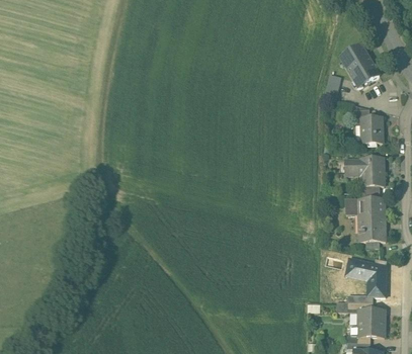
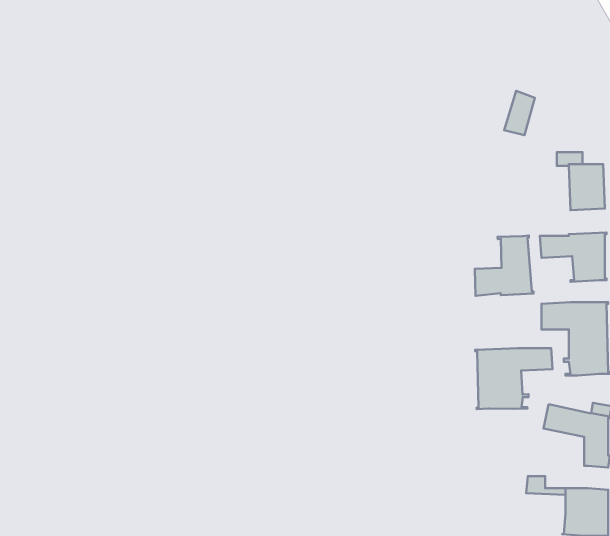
building: [340,45,380,87] -> none
building: none -> [475,236,534,296]
building: none -> [475,348,552,409]

